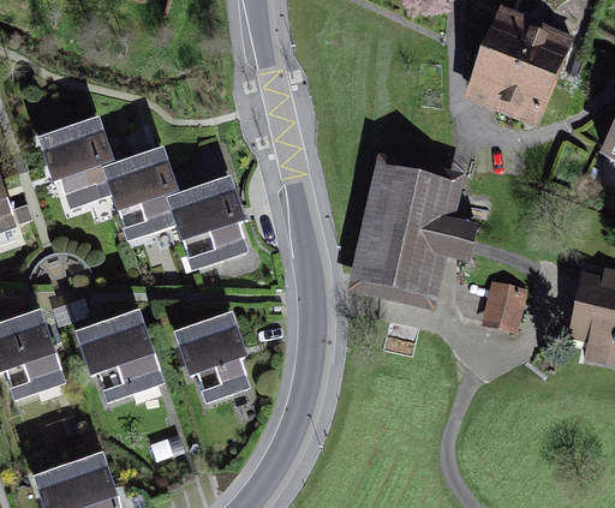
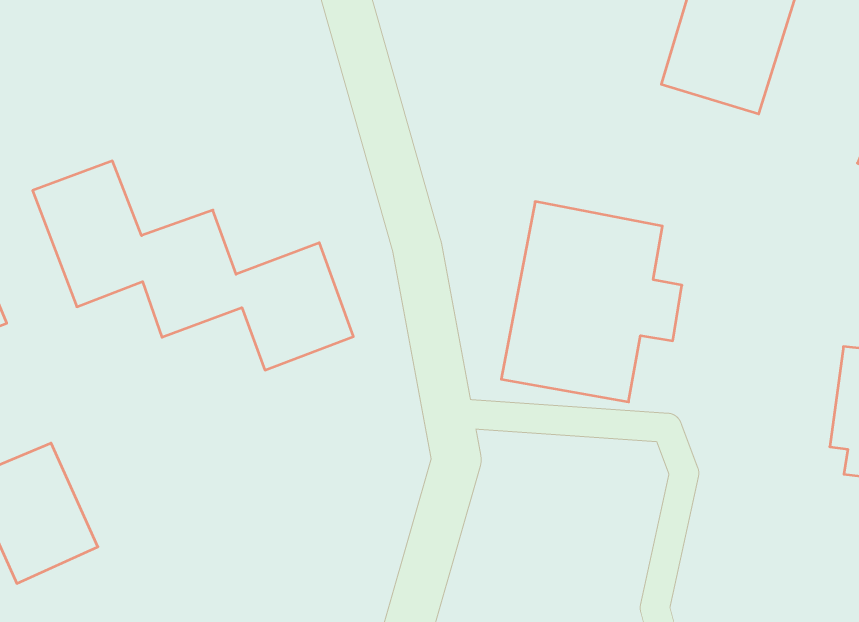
building: [484,286,536,339] -> none
building: [79,305,163,402] -> none
building: [177,310,256,404] -> none

